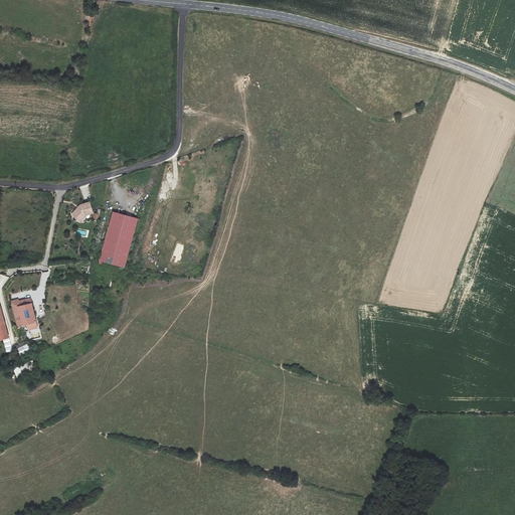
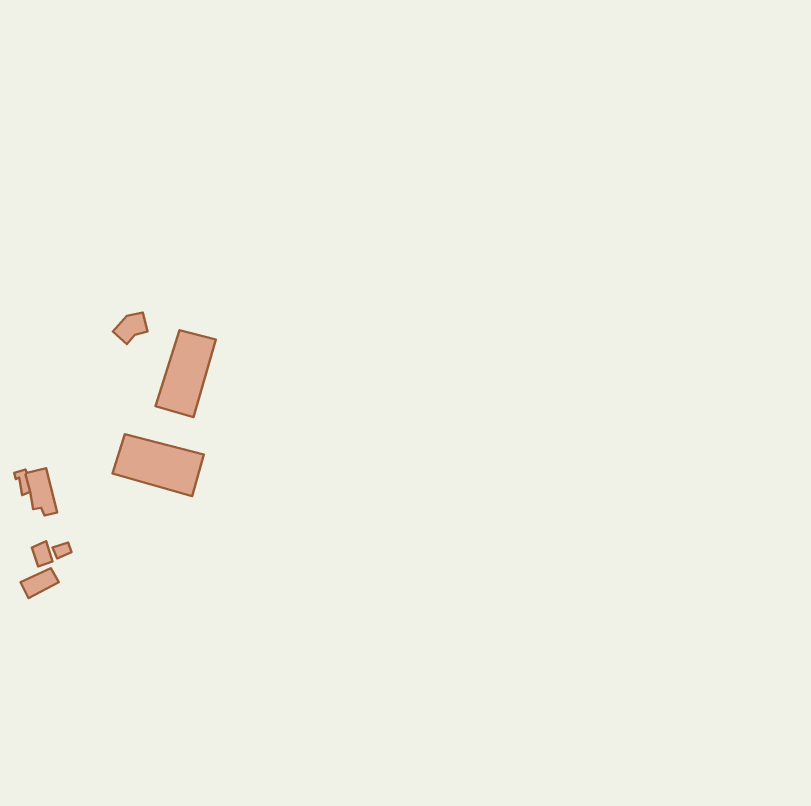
building: none -> [113,434,204,496]

